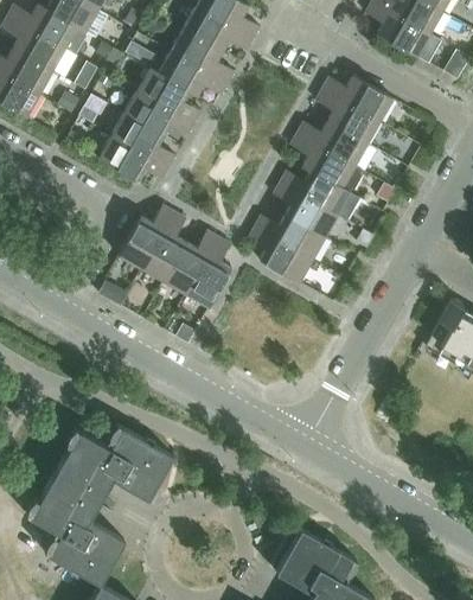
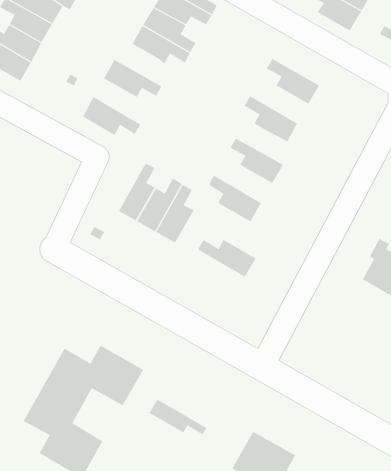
building: [138,66,202,122] -> none
building: [324,76,394,121] -> none
building: [113,113,177,167] -> none
building: [298,121,367,166] -> none
building: [281,171,351,215] -> none
building: [119,205,174,269] -> none
building: [255,215,325,260] -> [197,239,256,278]
building: none -> [149,398,207,436]

